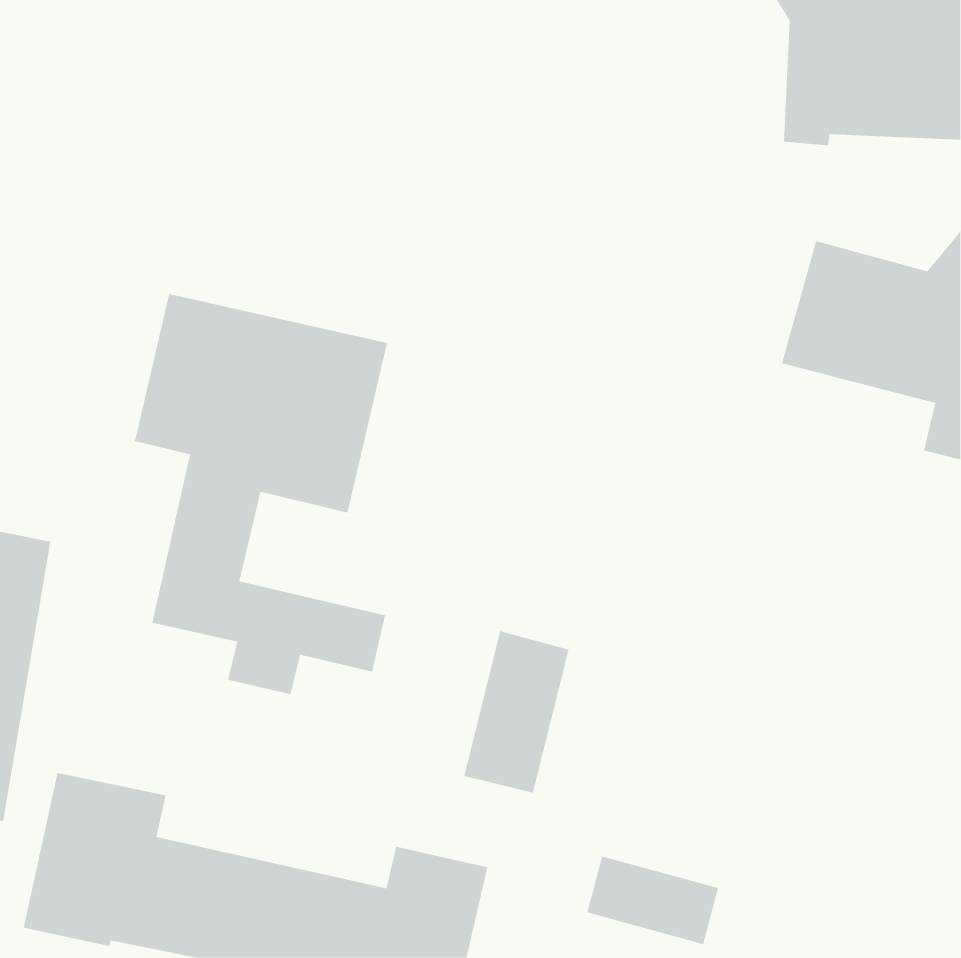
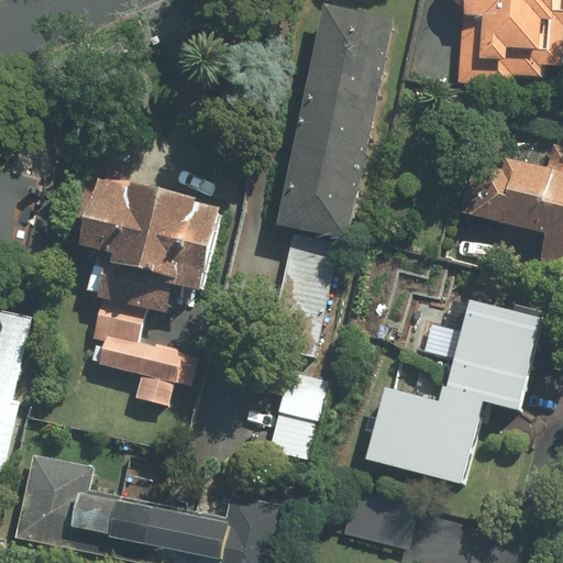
building: none -> [269,4,395,342]
building: none -> [365,290,547,487]

